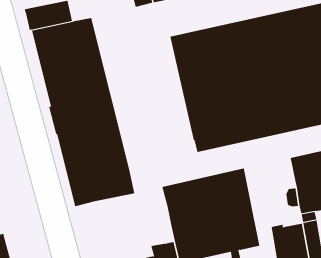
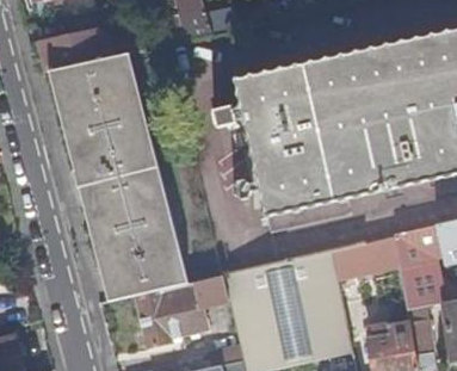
building: none -> [331,236,396,286]
building: none -> [134,274,228,348]

